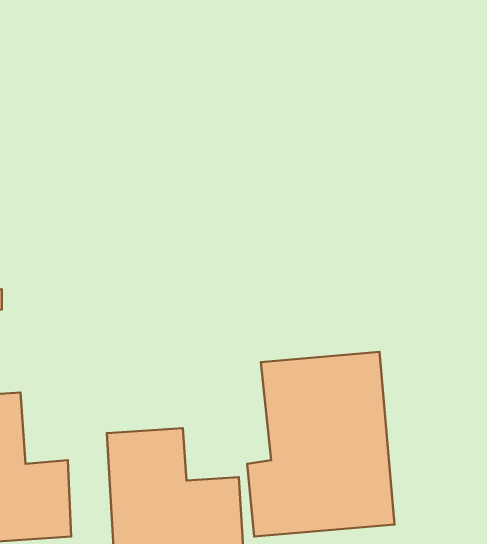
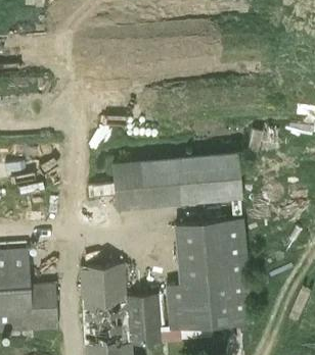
building: none -> [112,153,243,210]

